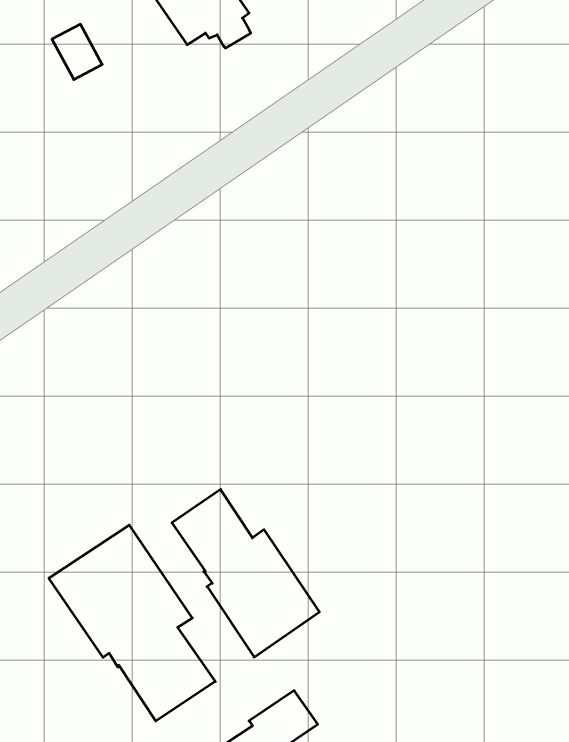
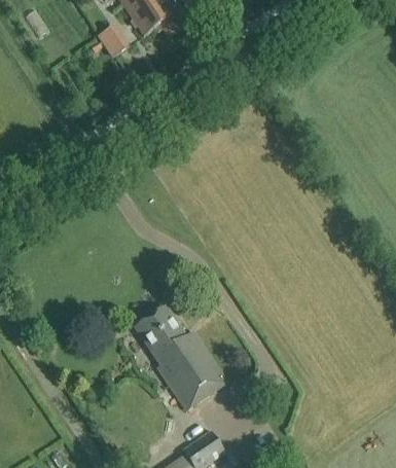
building: [52,24,102,80] -> [104,24,135,58]
building: [49,525,215,721] -> none

